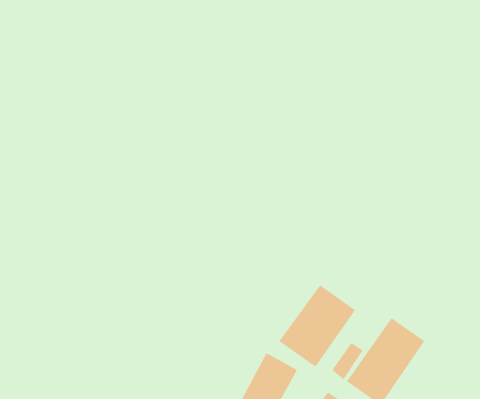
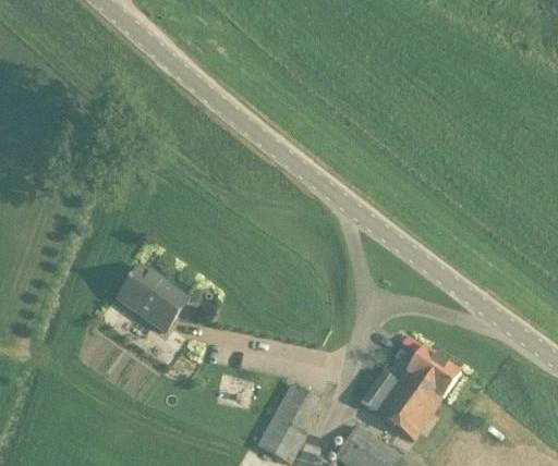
building: none -> [118,266,187,330]
building: [279,285,356,368] -> none

